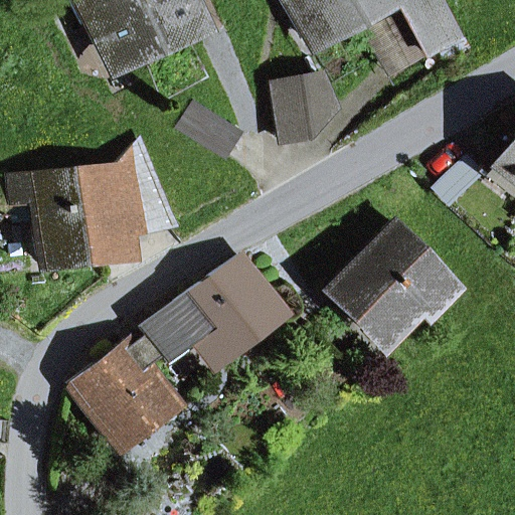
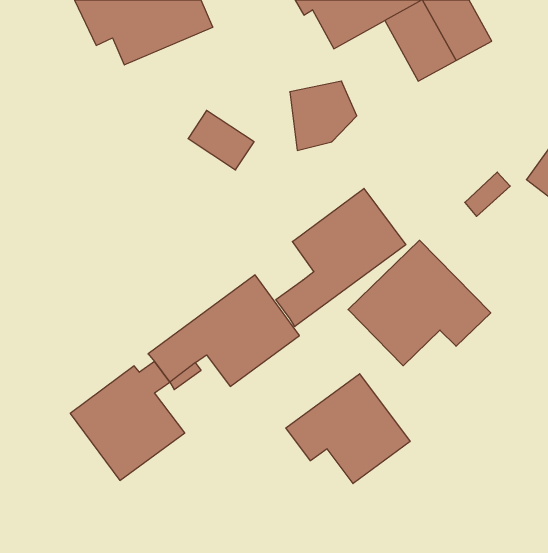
building: [10,141,173,264] -> none
building: none -> [276,188,406,327]
building: none -> [286,374,410,484]

